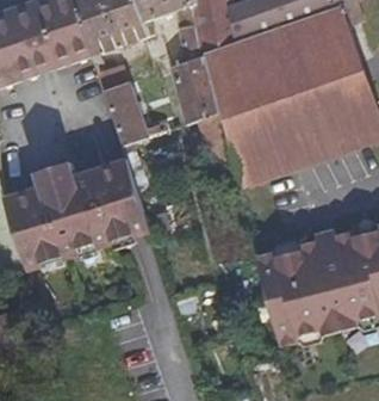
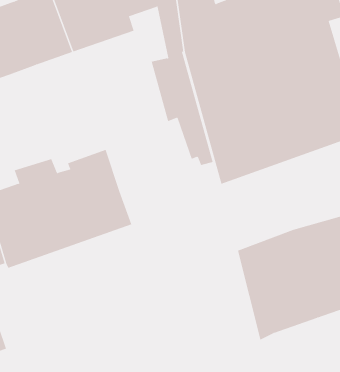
building: [98,66,168,144] -> none

